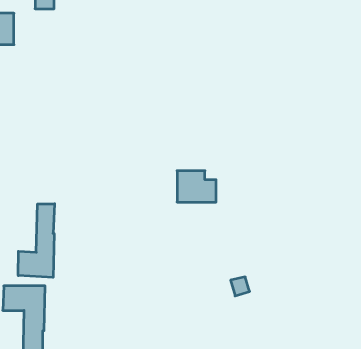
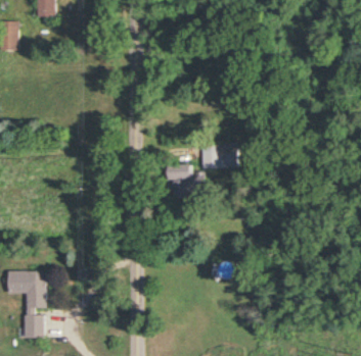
building: none -> [201,143,235,169]
building: [18,204,55,277] -> none

